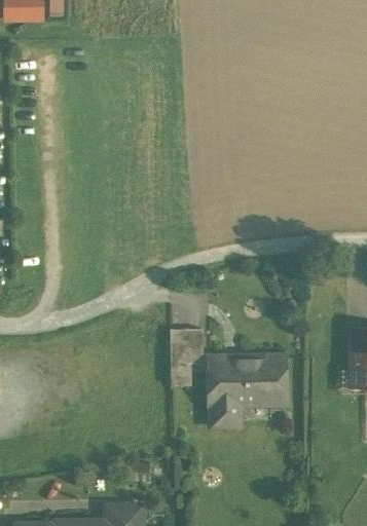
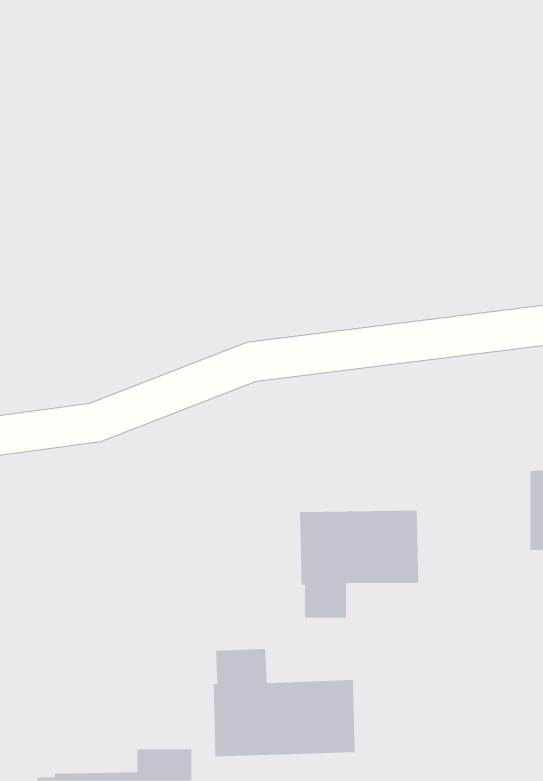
building: [169,328,203,370] -> none
building: none -> [213,648,355,757]

